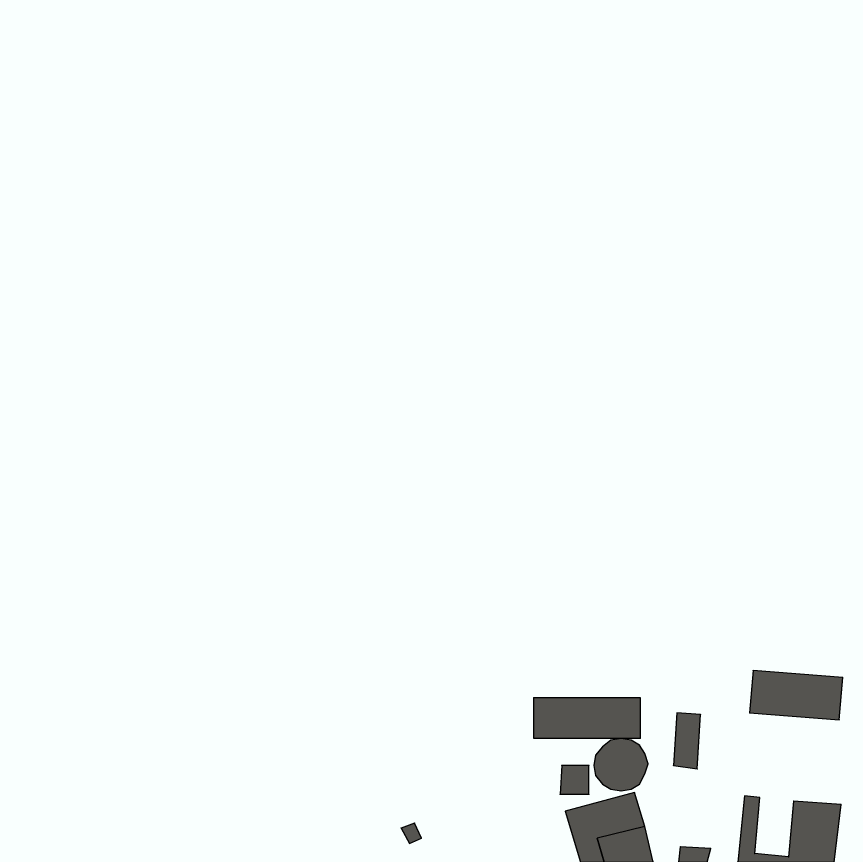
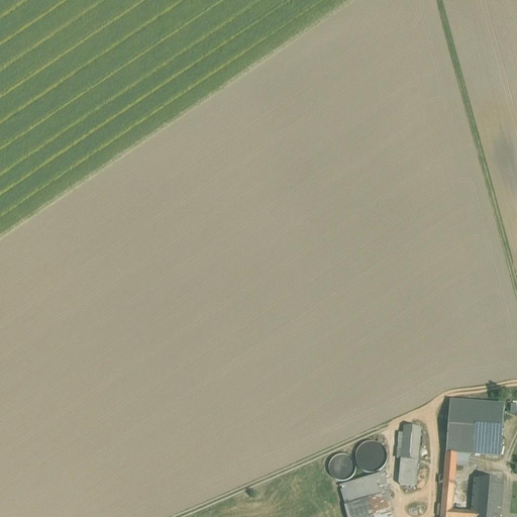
building: [534,698,640,738] -> none
building: none -> [444,425,502,476]
building: none -> [399,456,416,485]

